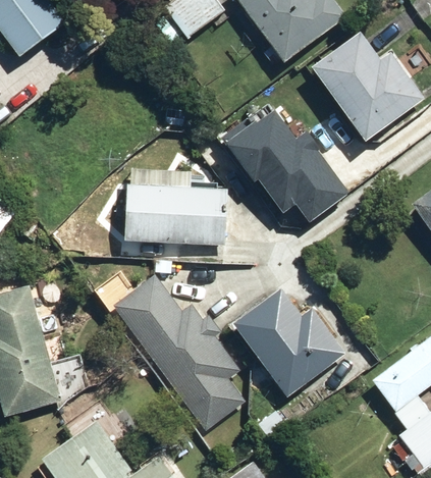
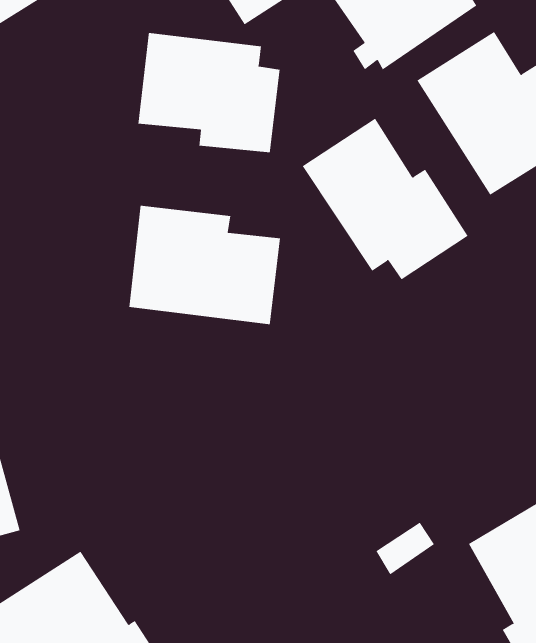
building: none -> [138,32,280,153]
building: [112,275,250,435] -> none
building: [231,287,345,400] -> none

